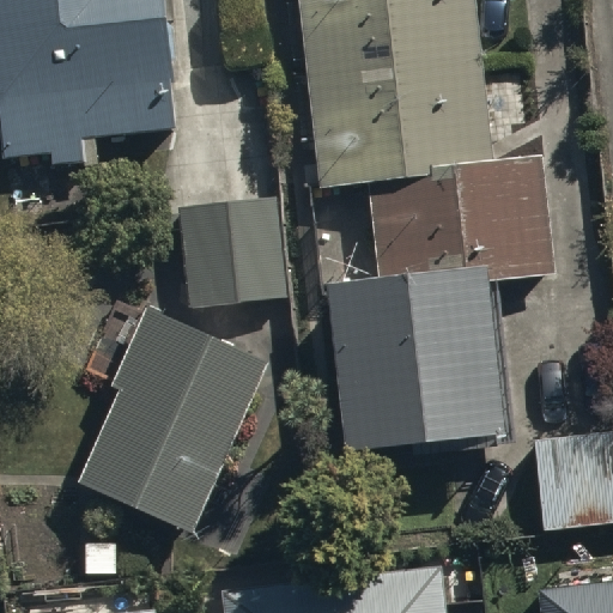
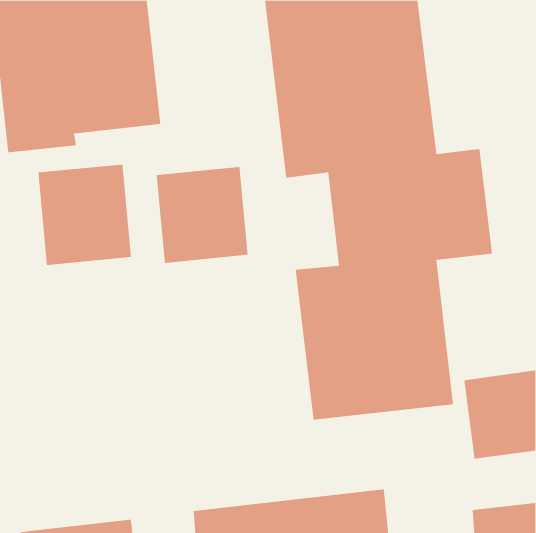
building: none -> [38,164,132,266]
building: [75,304,265,527] -> none

